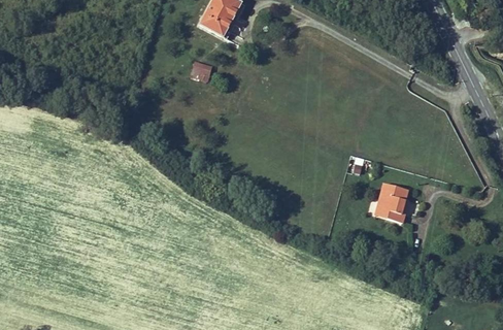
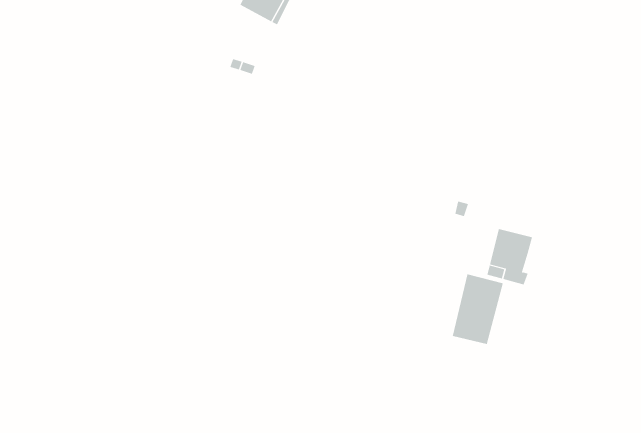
building: none -> [452,273,503,345]

